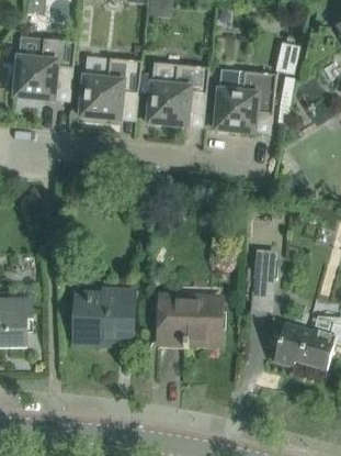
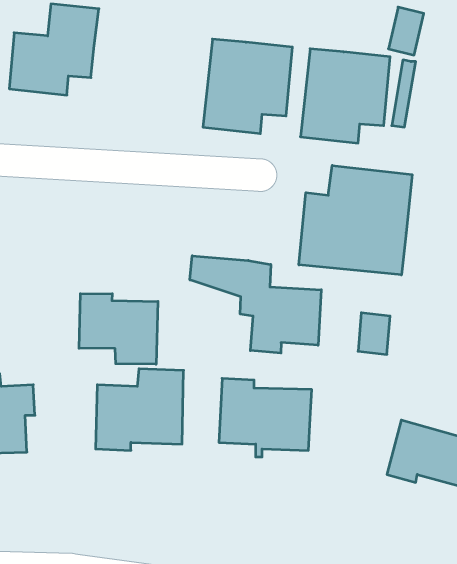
building: [79,57,140,120] -> none
building: none -> [299,165,412,275]
building: none -> [190,256,321,353]
building: none -> [79,294,158,364]

